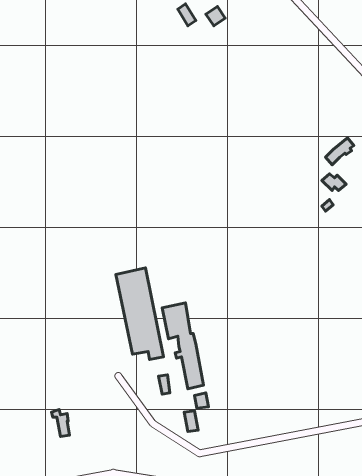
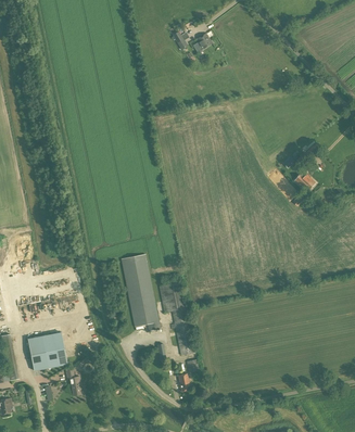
building: none -> [28,332,67,370]

